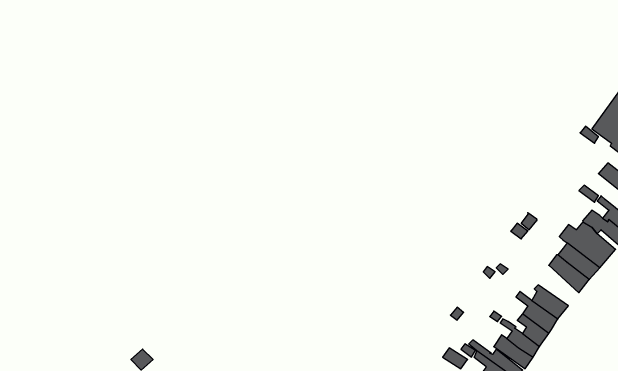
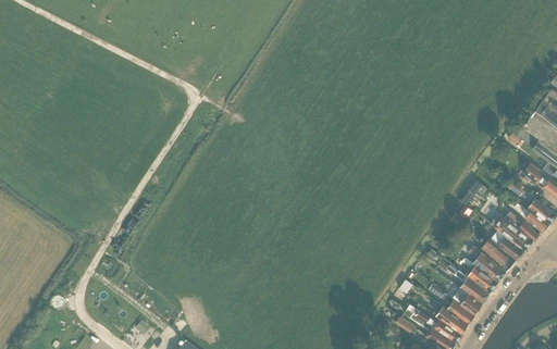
building: none -> [462,245,505,281]

